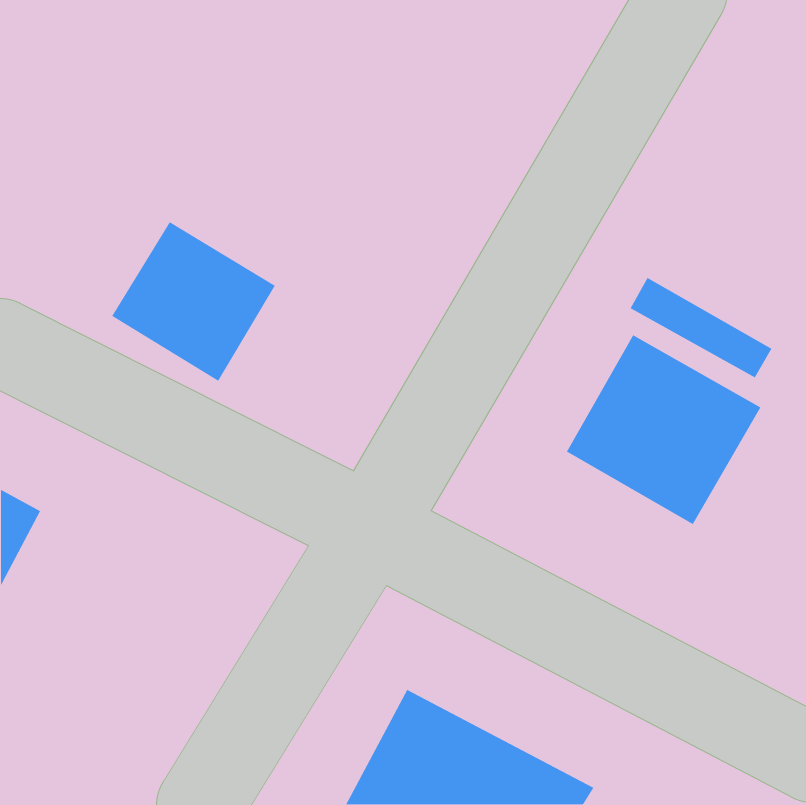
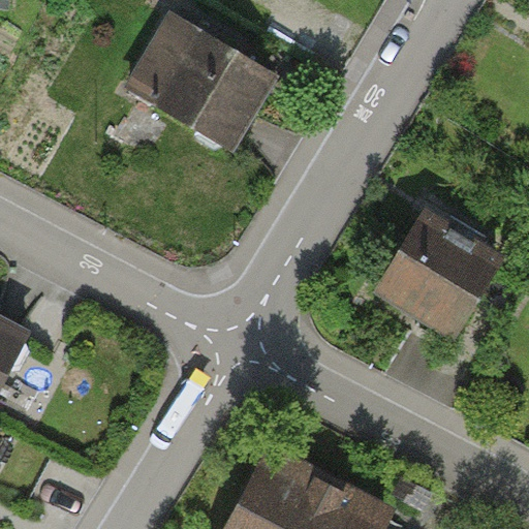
building: none -> [125,14,277,155]
building: [111,221,276,382] -> none

